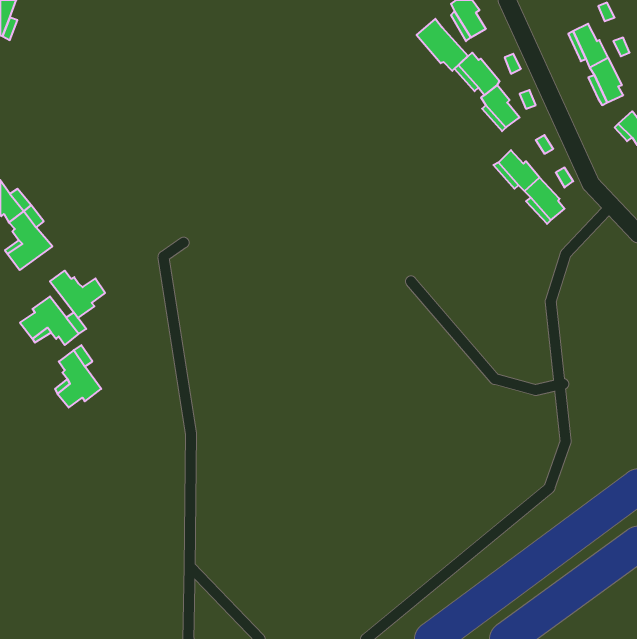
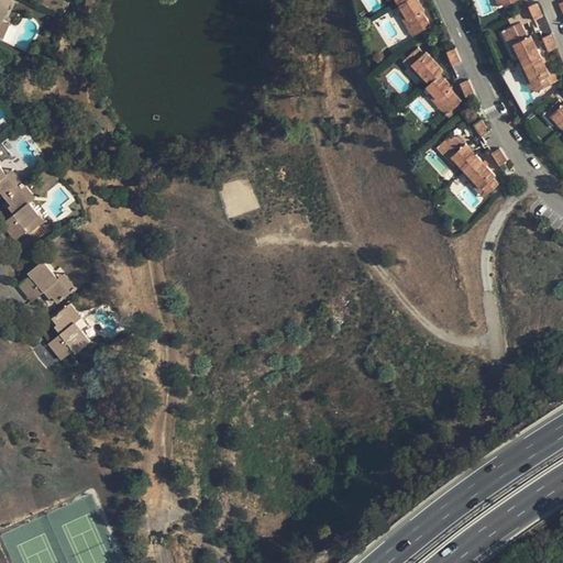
building: [417,19,468,71] -> none
building: [50,271,105,318] -> none

